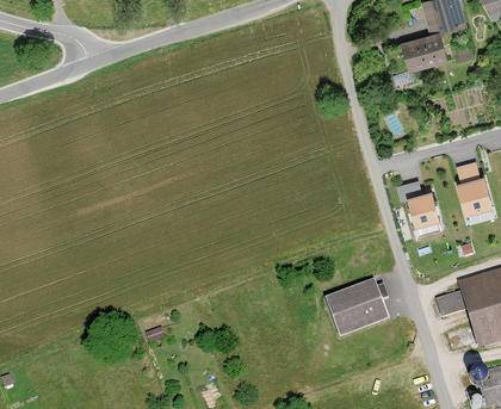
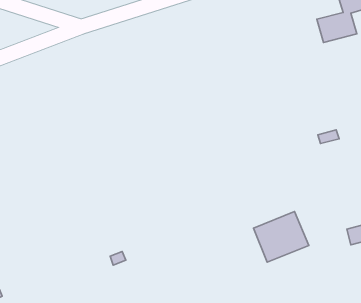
building: [409,192,443,229] -> none

